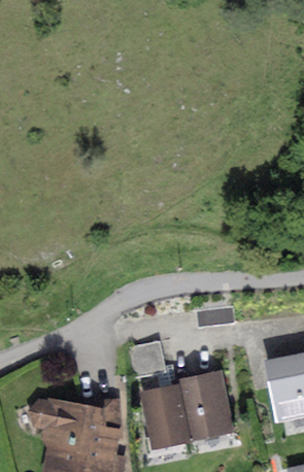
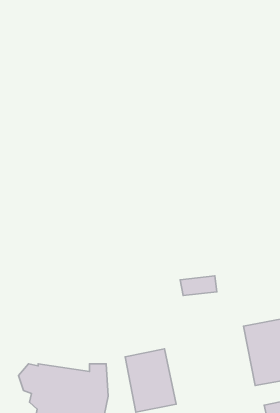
building: [127,341,164,376] -> none
building: [179,370,235,441] -> none

